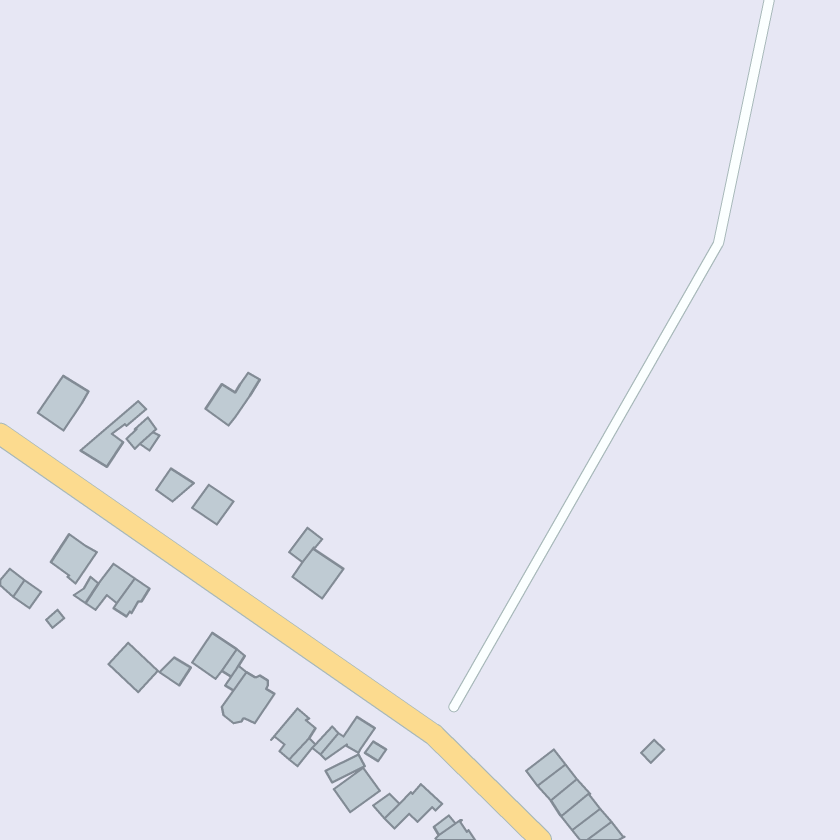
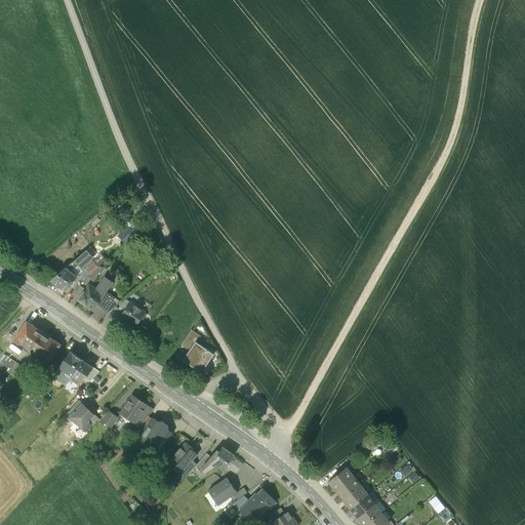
building: [206,373,260,425] -> [79,278,113,311]
building: [38,376,88,430] -> none
building: none -> [14,322,43,351]

